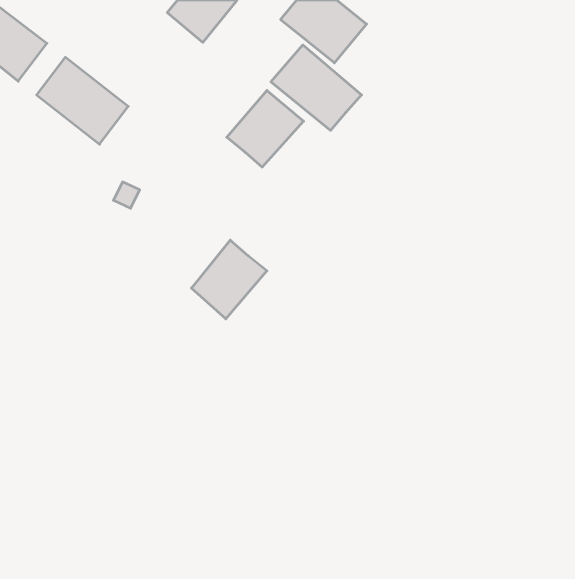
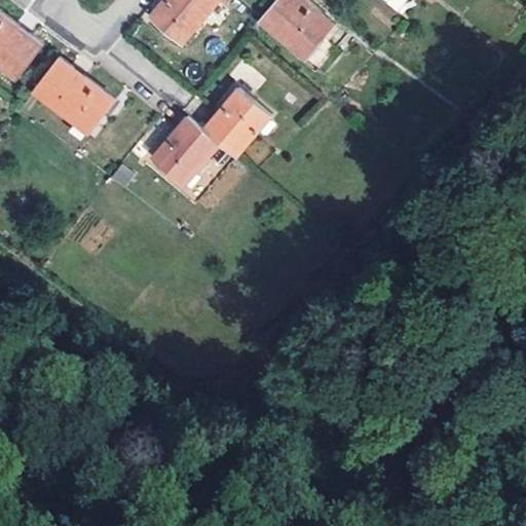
building: [271,45,362,130] -> none
building: [191,240,267,319] -> [152,114,220,185]

